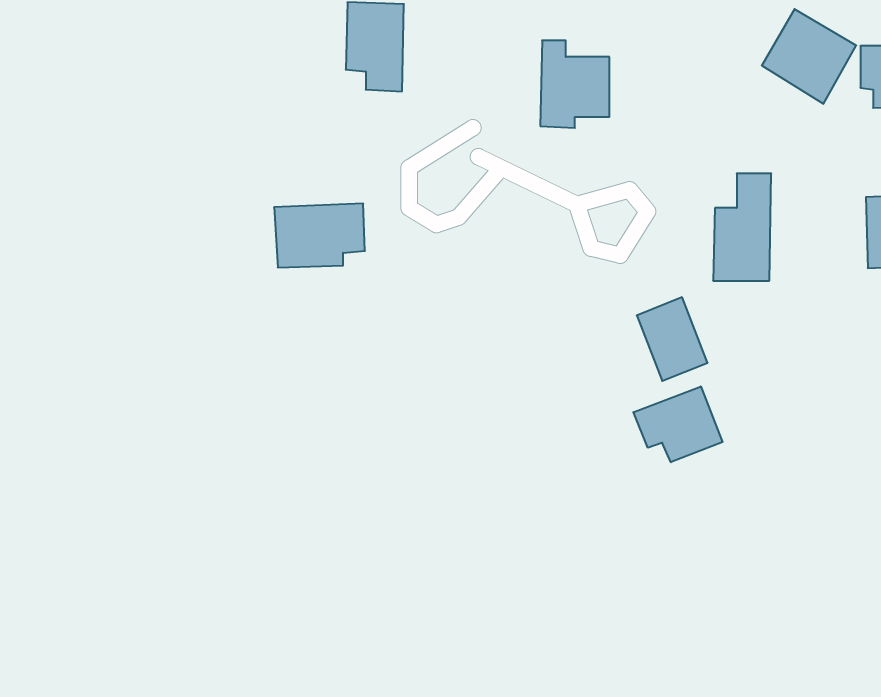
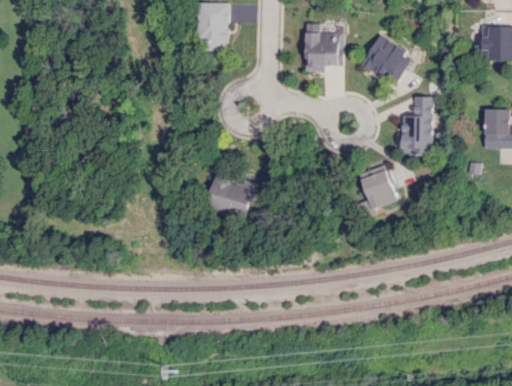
building: [762,9,856,104] -> [359,35,411,87]
building: [274,204,365,267] -> [211,179,261,214]
building: [633,386,723,462] -> none

